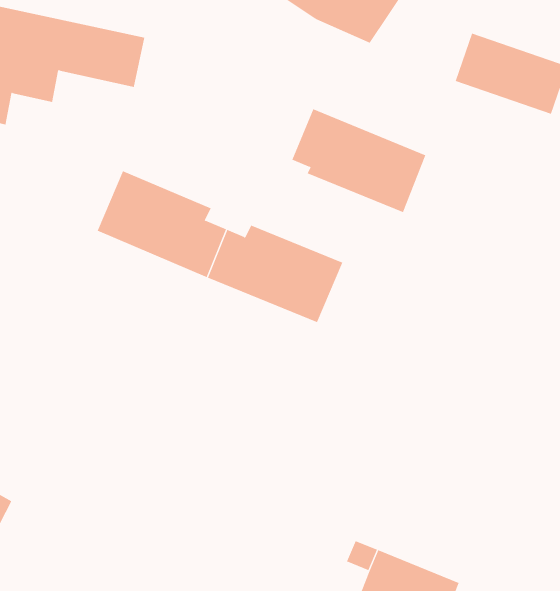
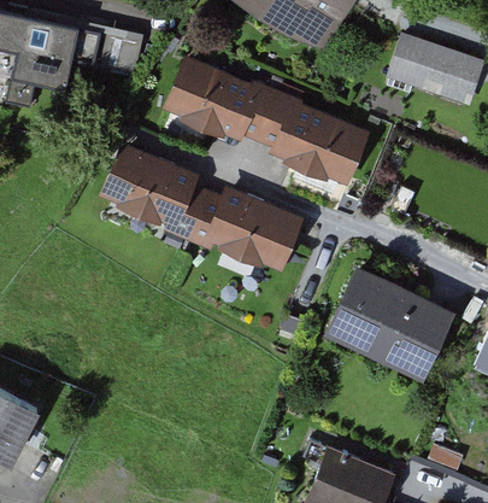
building: none -> [166,59,276,138]
building: none -> [324,268,448,376]

